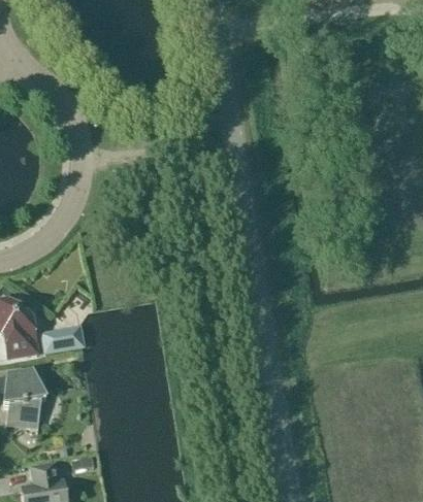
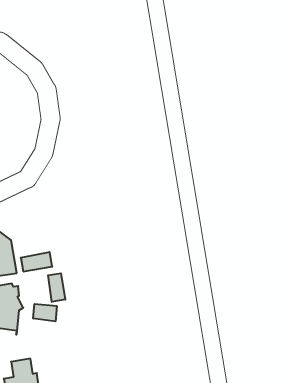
building: none -> [48,273,65,302]
building: none -> [33,304,57,321]

